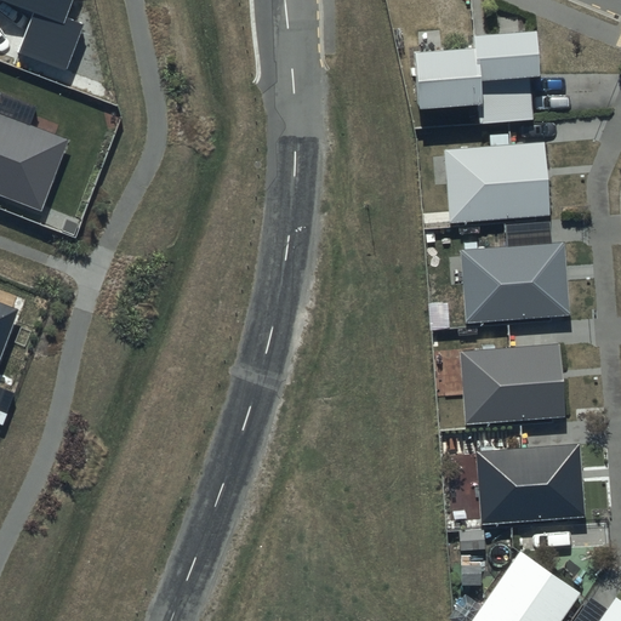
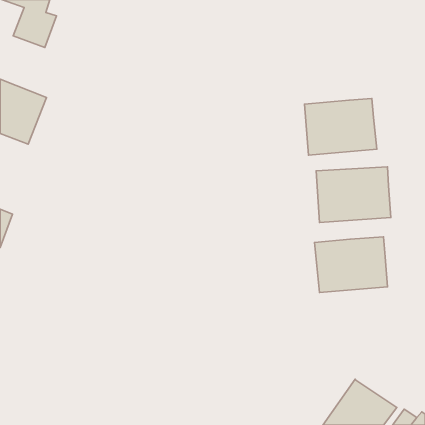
building: [416,29,540,123] -> none
building: [475,443,583,524] -> none

